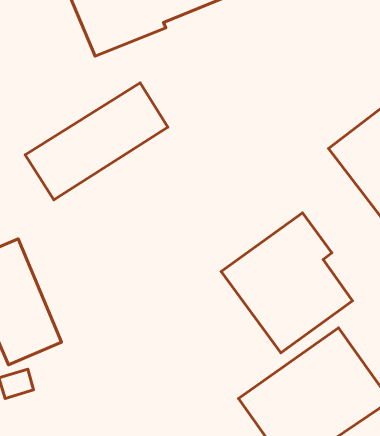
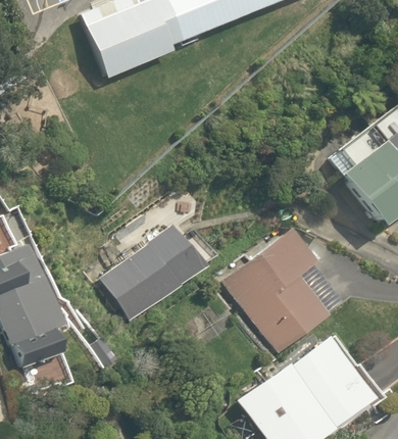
building: [25,83,168,200] -> none
building: none -> [100,222,214,321]

